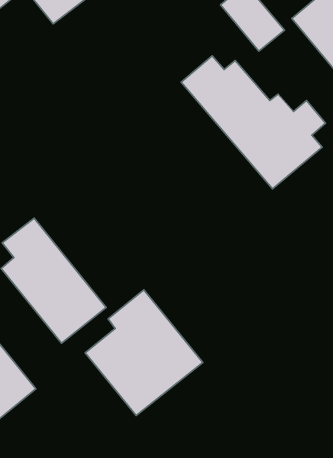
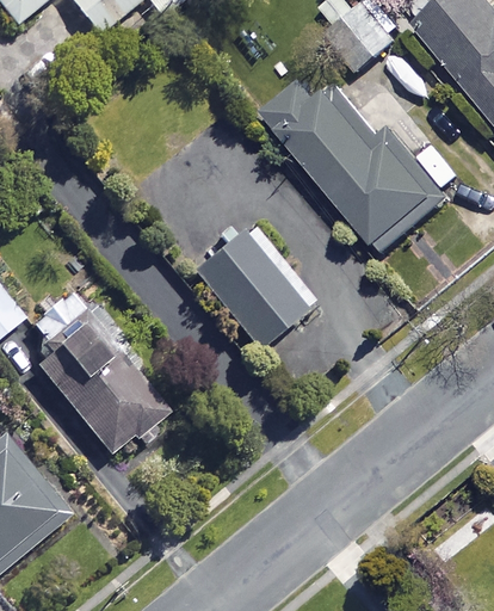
building: none -> [190,221,314,348]
building: [85,290,203,416] -> none

